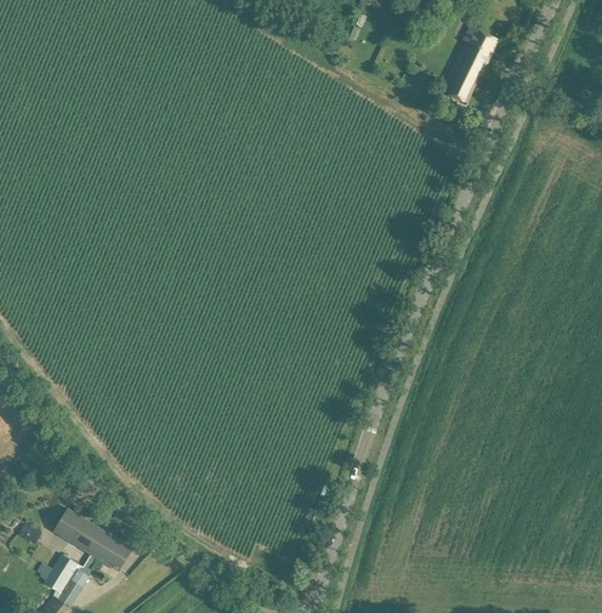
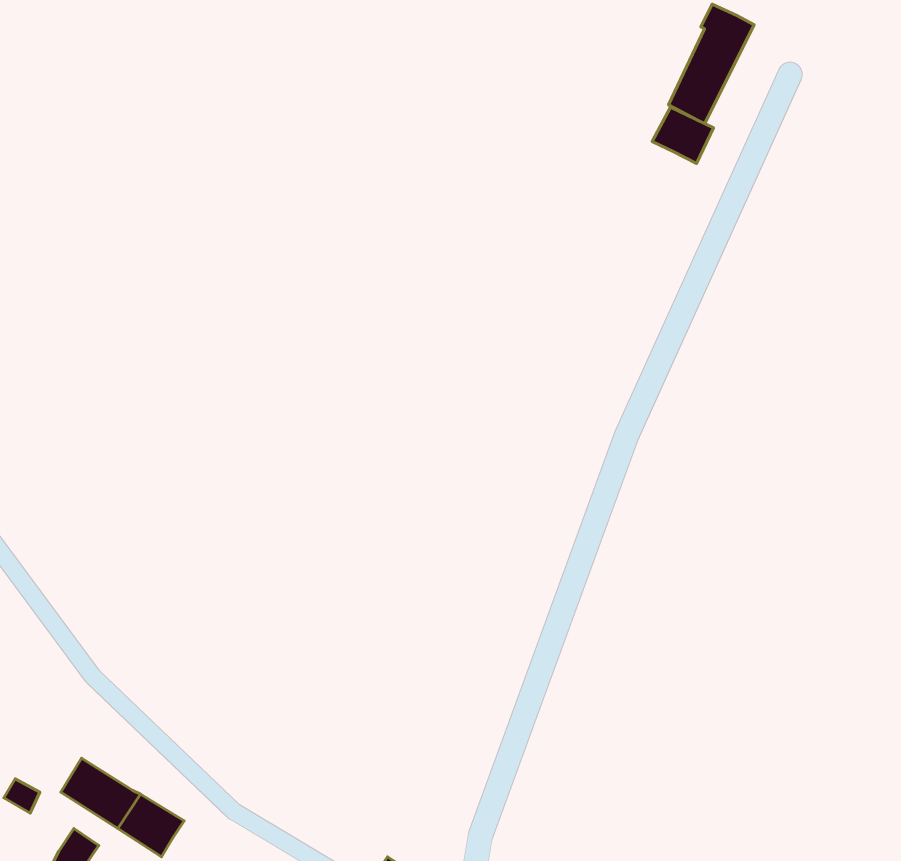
building: none -> [652,107,713,164]

